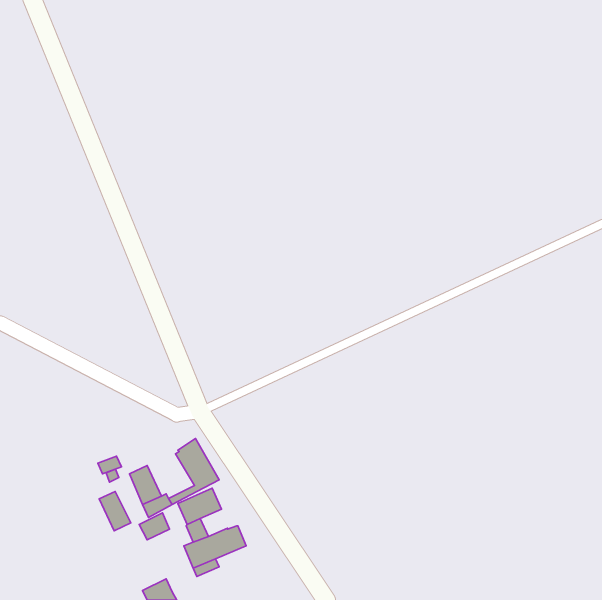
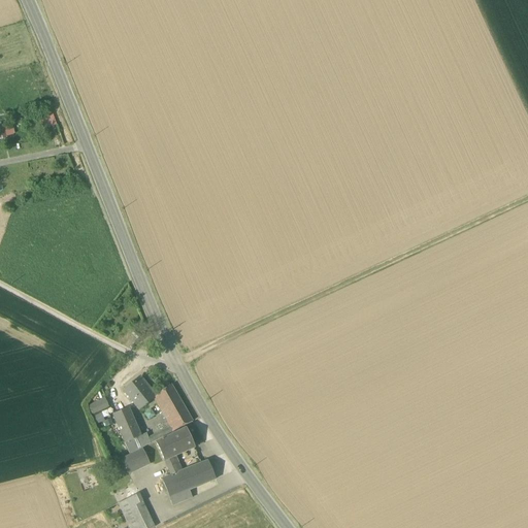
building: none -> [124,375,157,408]
building: [99,491,131,531] -> none
building: none -> [118,492,145,517]

